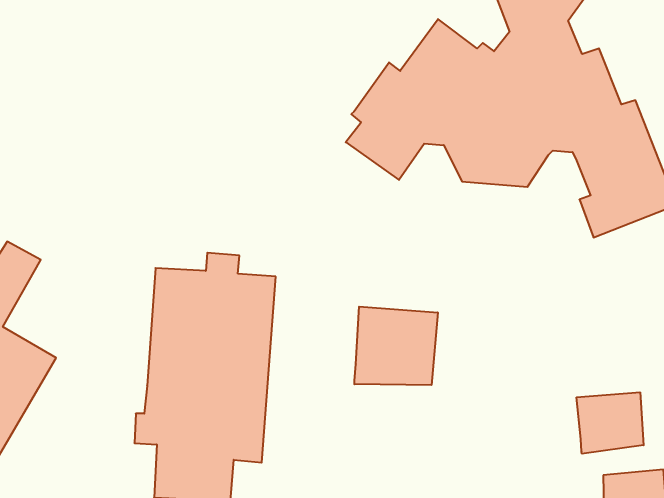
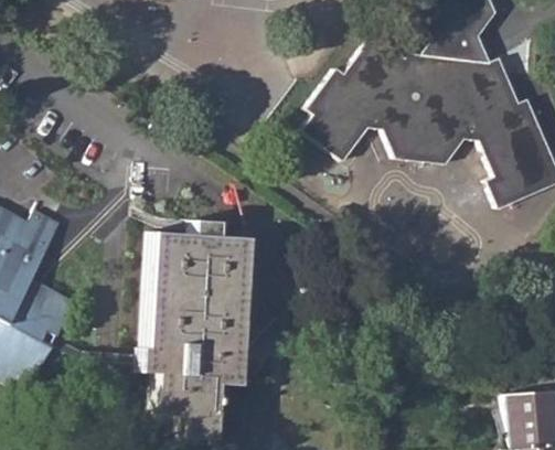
building: [354,307,438,385] -> none
building: [577,392,644,454] -> none

